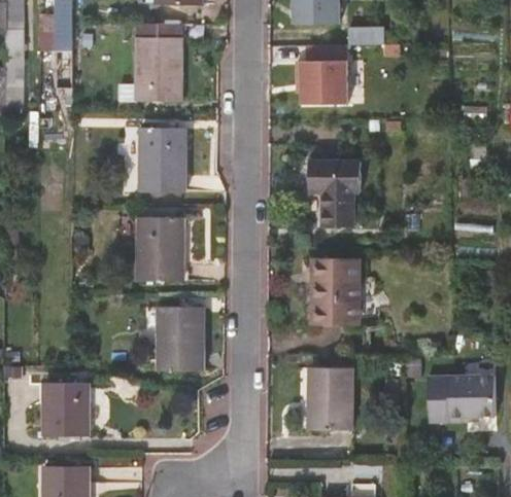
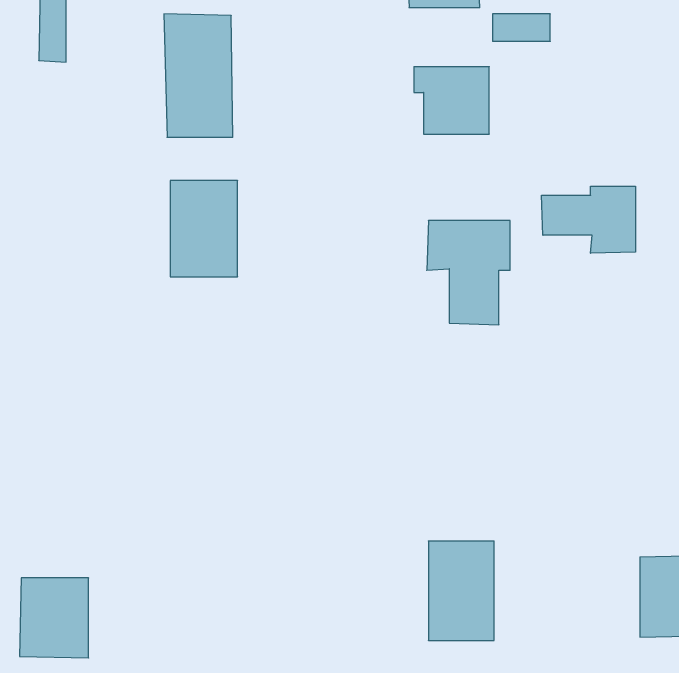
building: none -> [542,186,635,253]
building: [141,219,182,284] -> none
building: [311,256,354,318] -> none
building: [161,310,203,372] -> none

